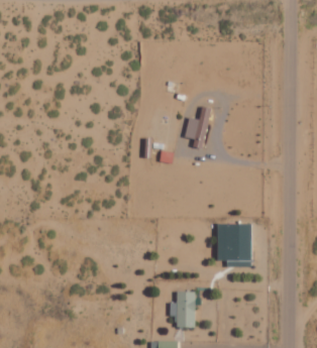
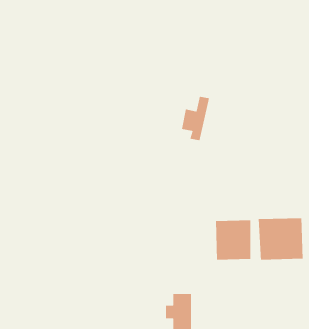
building: none -> [258,217,303,260]

